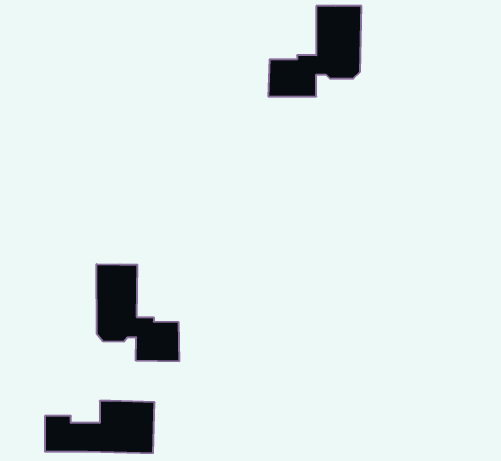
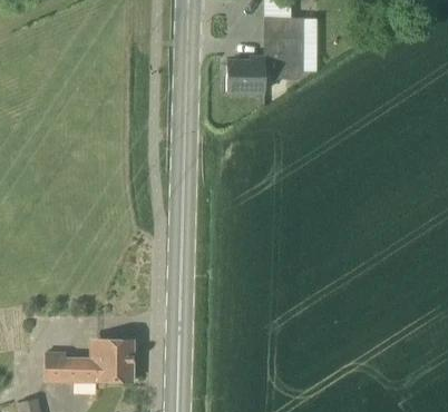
building: [97,264,179,361] -> none

